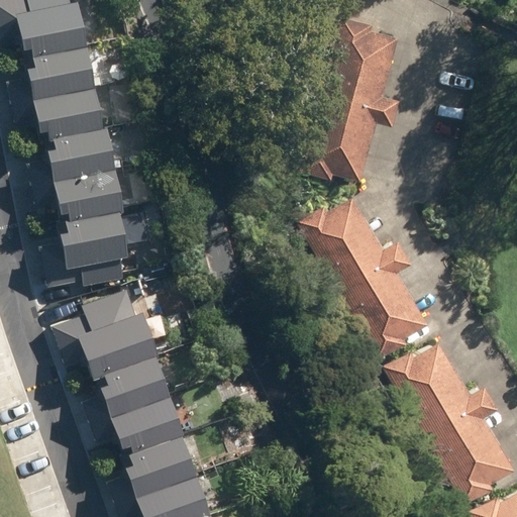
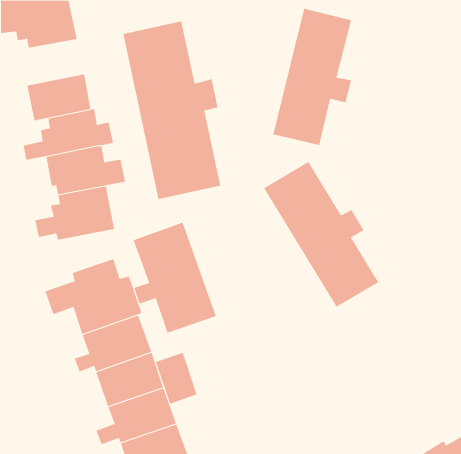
building: none -> [123,20,221,200]
building: [9,56,99,111] -> none
building: none -> [133,222,217,334]
building: [387,339,506,503] -> none
building: none -> [155,352,197,405]

